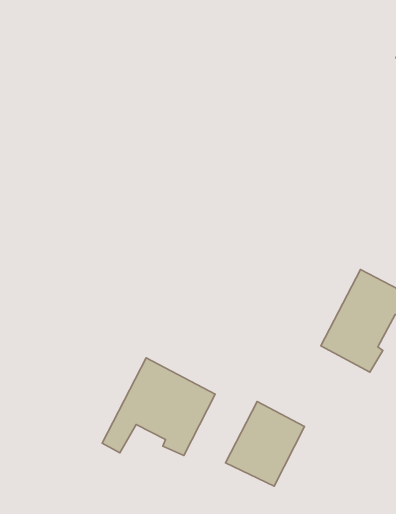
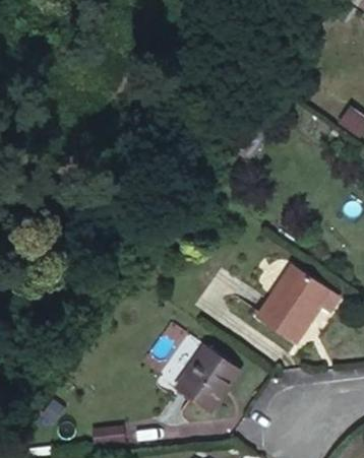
building: [102,358,215,455] -> none

